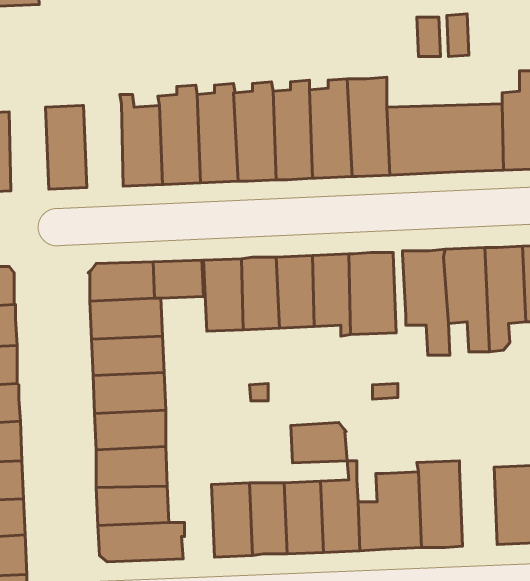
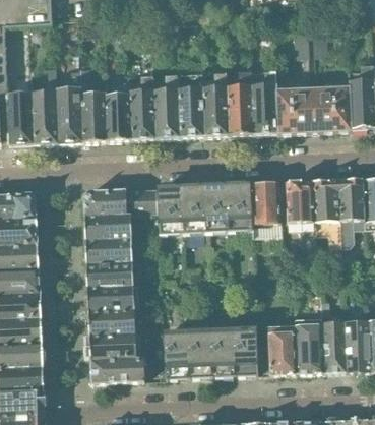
building: none -> [34,64,59,142]
building: none -> [79,66,107,140]
building: [291,423,347,463] -> none
building: none -> [323,320,348,371]

